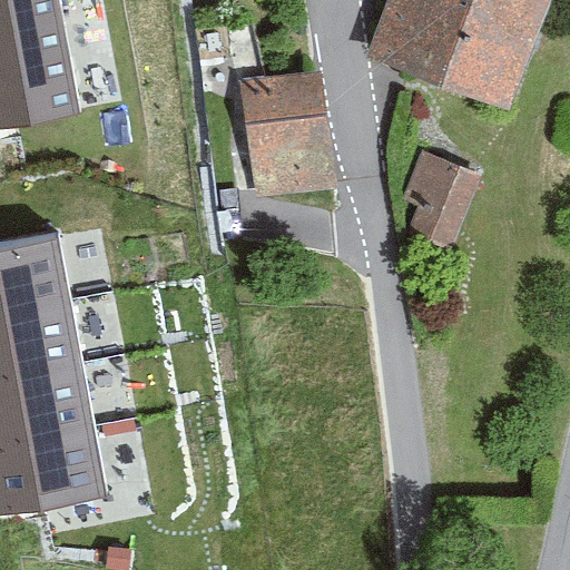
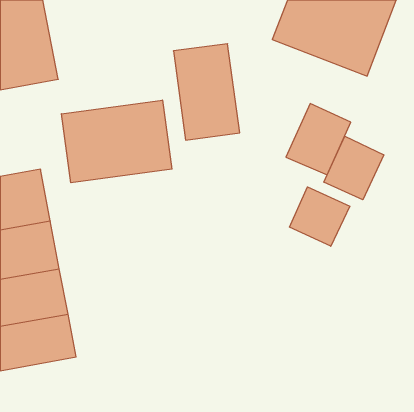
building: none -> [61,100,172,183]
building: none -> [324,136,384,200]
building: none -> [289,187,350,246]

